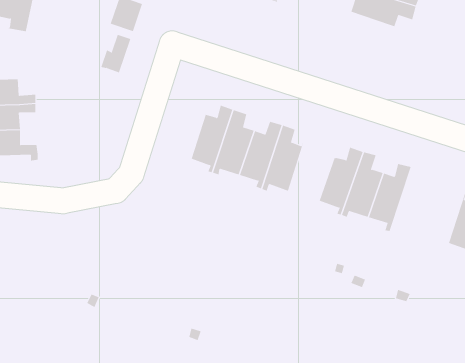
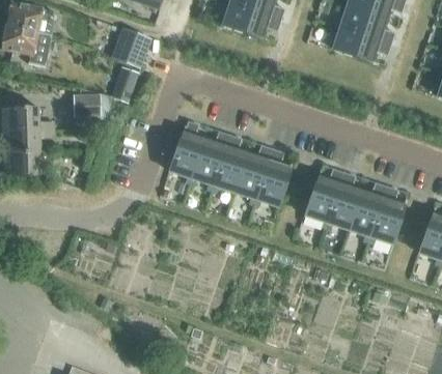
building: none -> [74,93,99,115]
building: none -> [169,119,203,183]
building: none -> [367,184,406,243]

